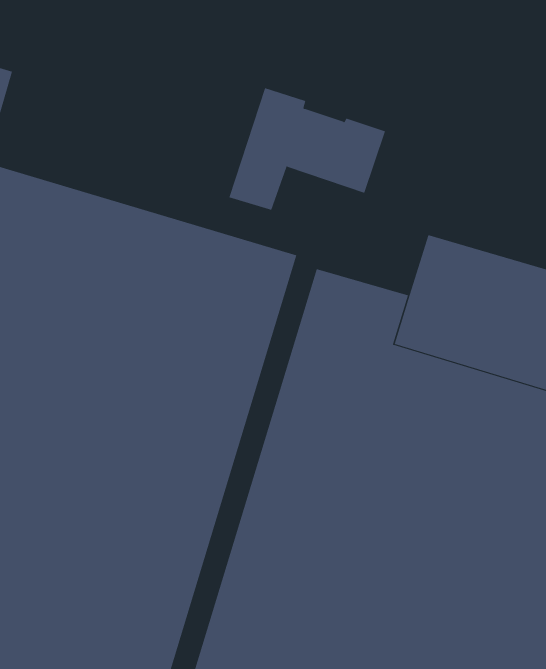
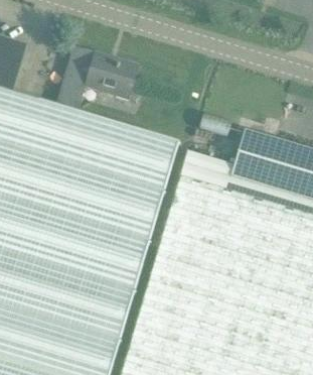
building: [228,87,386,211] -> [58,46,142,112]

